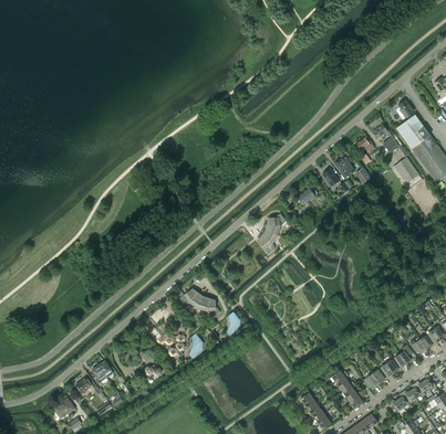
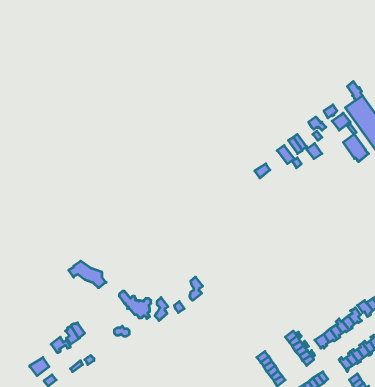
building: [258,213,286,254] -> none
building: [179,288,220,317] -> [69,261,106,288]

